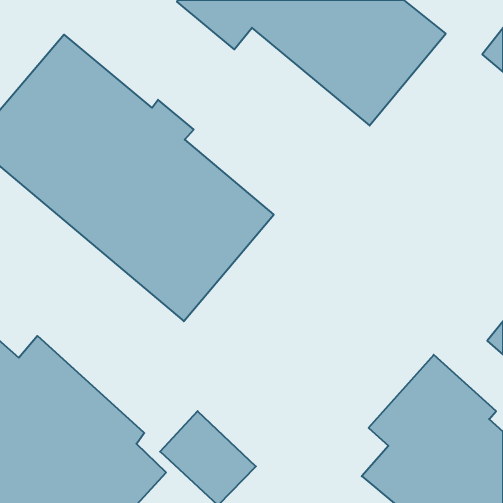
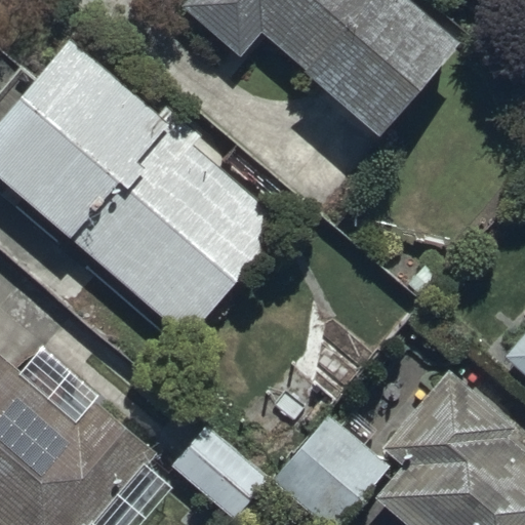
building: none -> [280,413,388,519]

